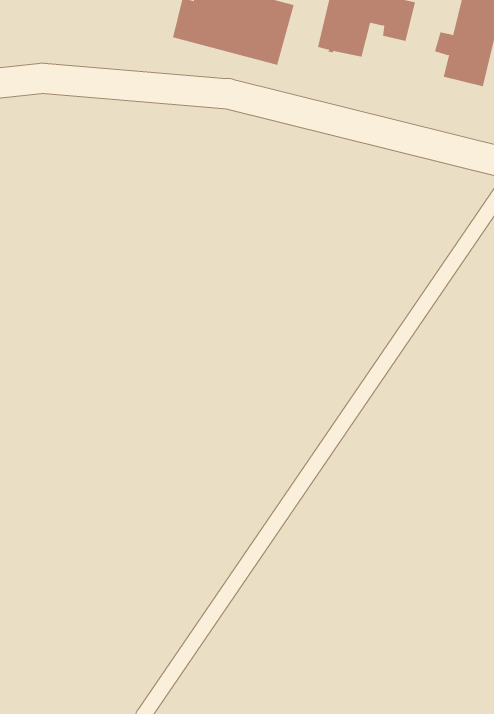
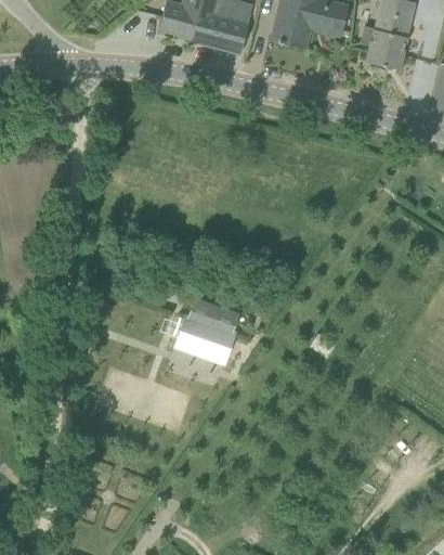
building: none -> [175,300,237,362]

